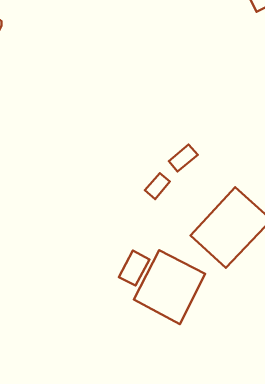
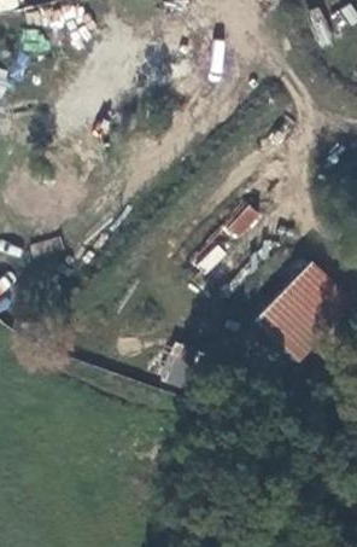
building: [134,250,205,324] -> none

